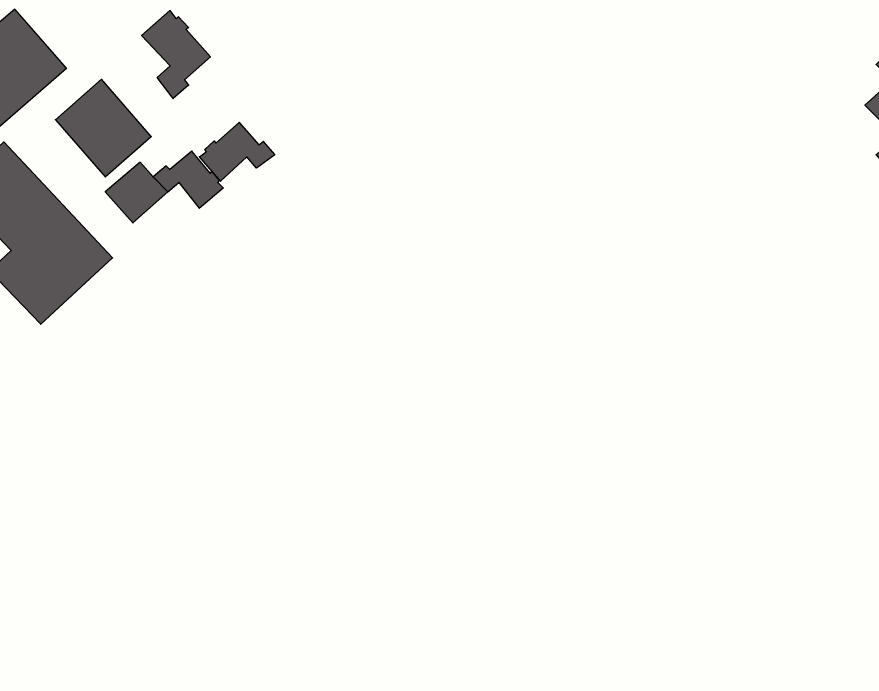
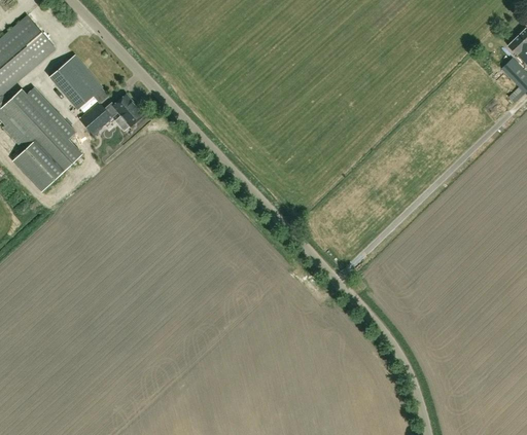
building: [142,11,210,99] -> none
building: [199,122,275,181] -> none

